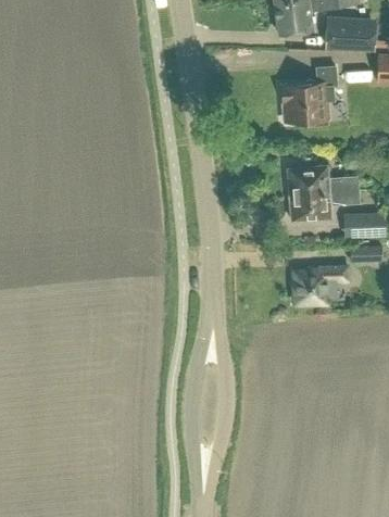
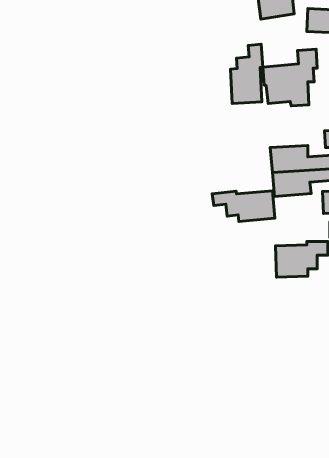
building: none -> [230,44,263,103]
building: none -> [212,191,275,221]

